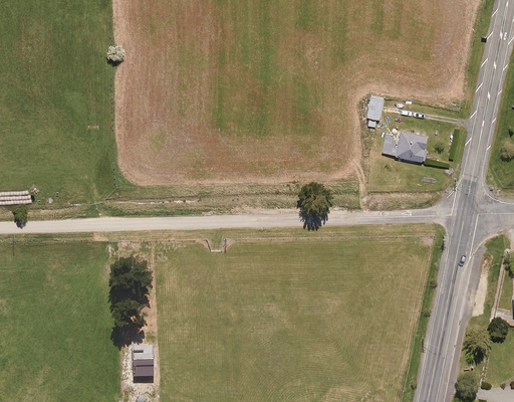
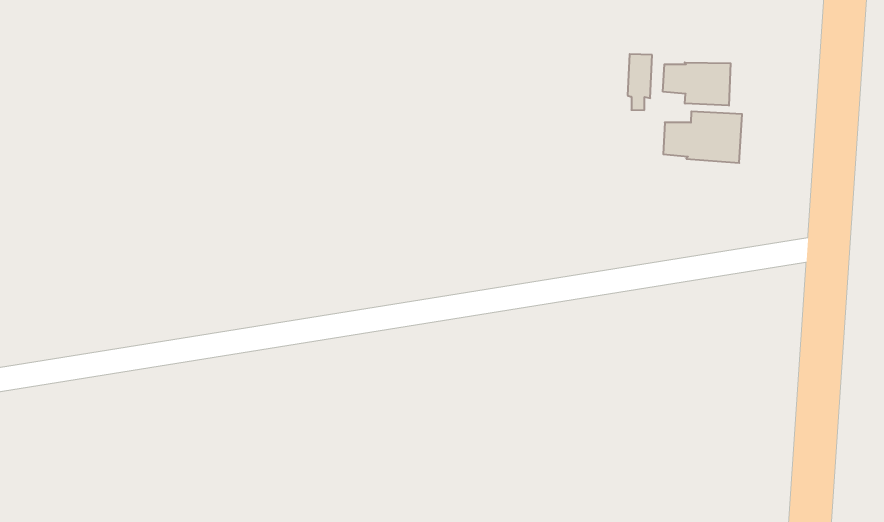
building: none -> [663,62,731,106]

